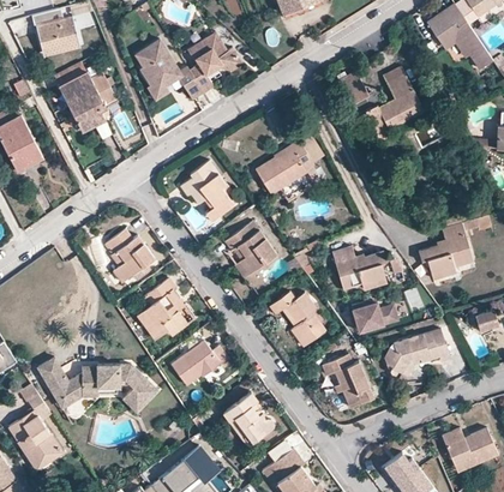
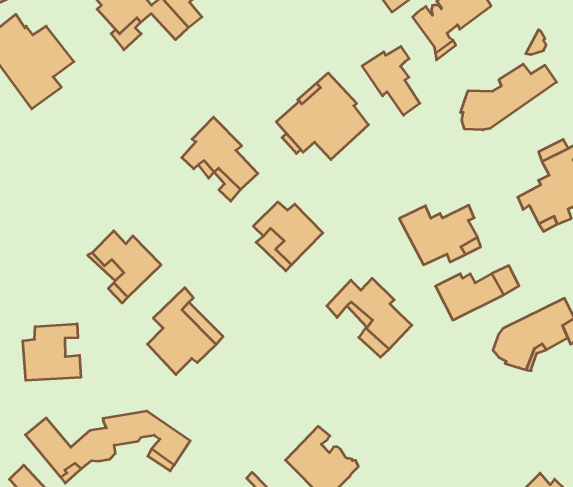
building: none -> [362,46,420,115]
building: none -> [461,64,557,130]
building: none -> [23,324,81,380]
building: [169,342,228,385] -> none
building: [323,358,372,407] -> none

